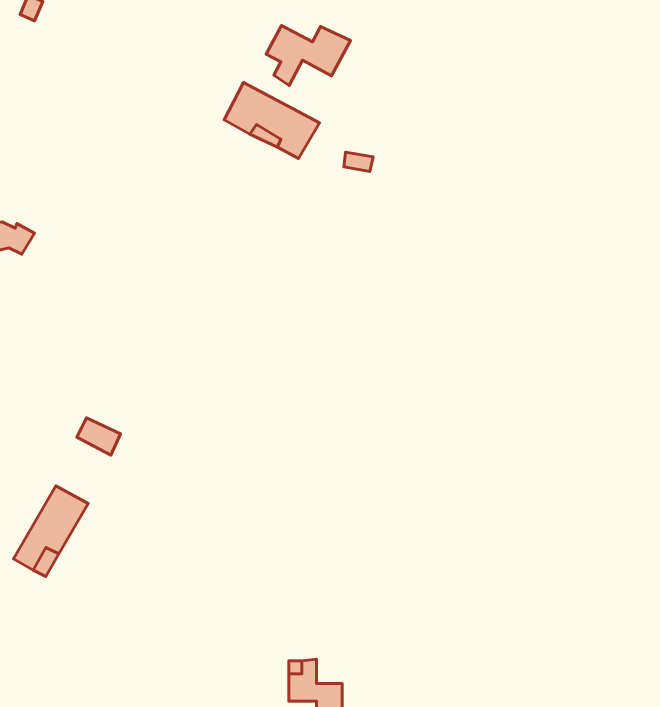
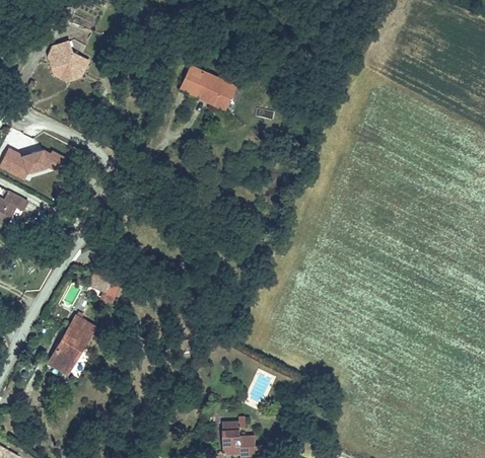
building: [266,25,350,86] -> none
building: none -> [51,42,88,79]

